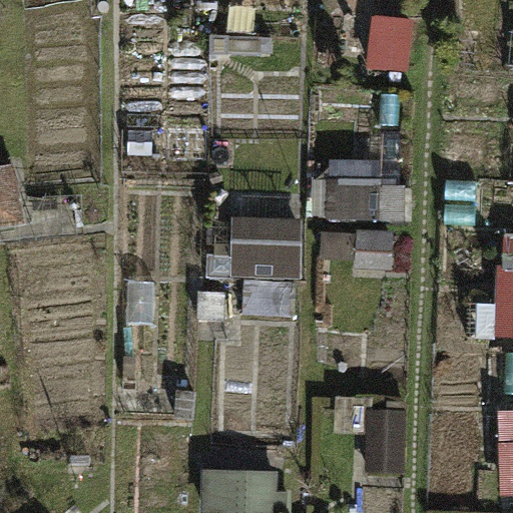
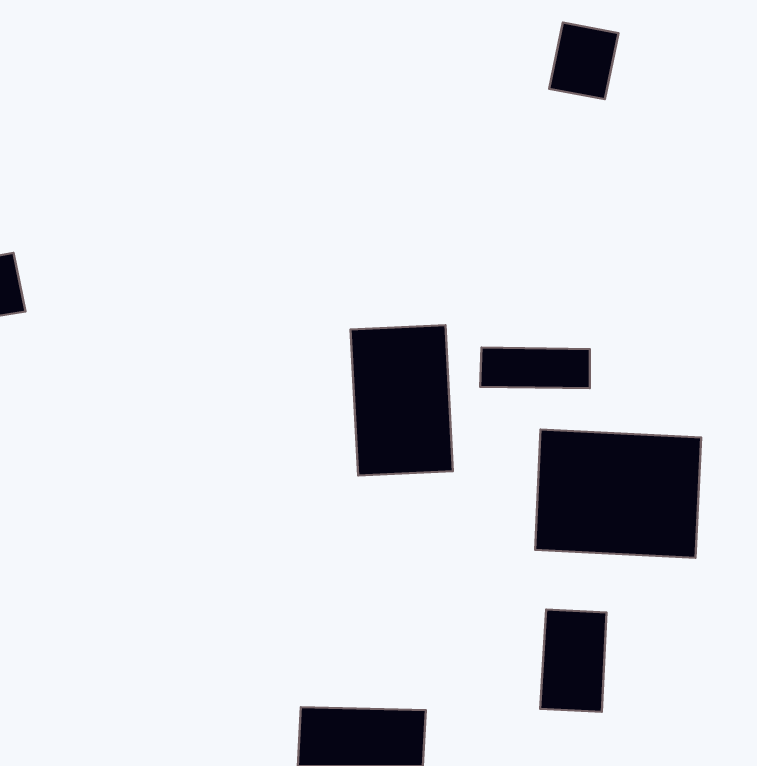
building: [327,160,409,221] -> none
building: none -> [535,430,701,558]

